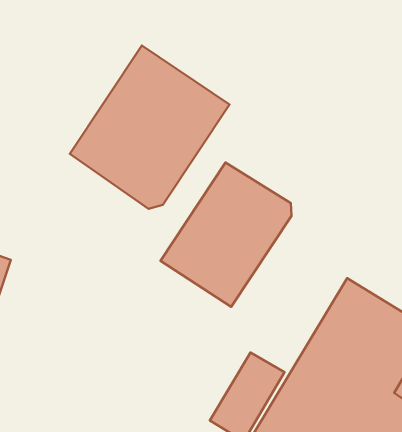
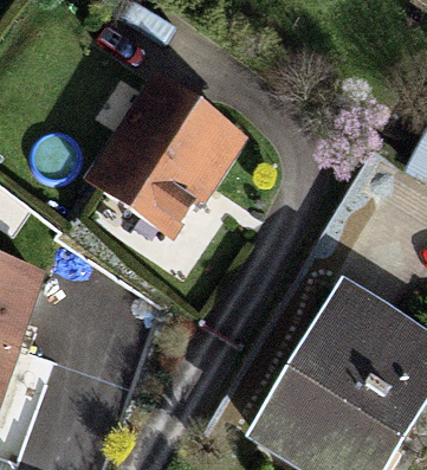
building: [160,163,292,307] -> none

